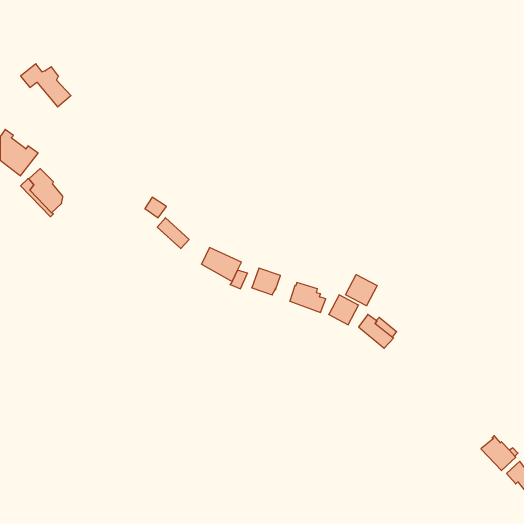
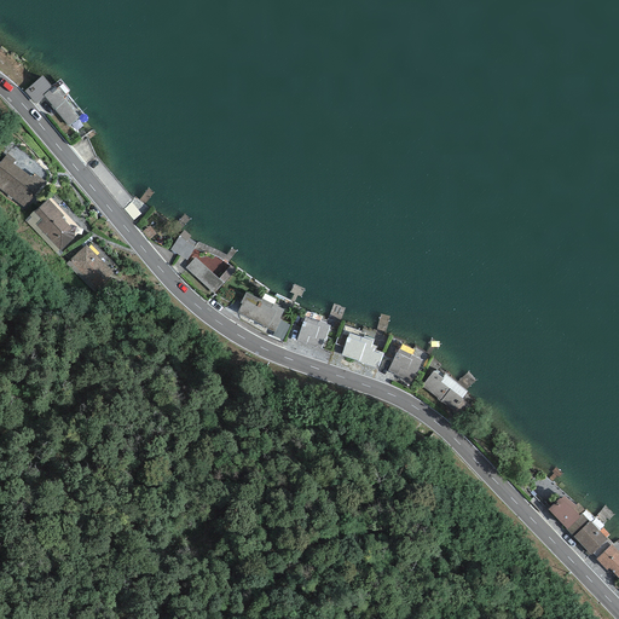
building: none -> [66,243,115,291]
building: [346,275,377,306] -> none
building: none -> [549,496,586,528]

